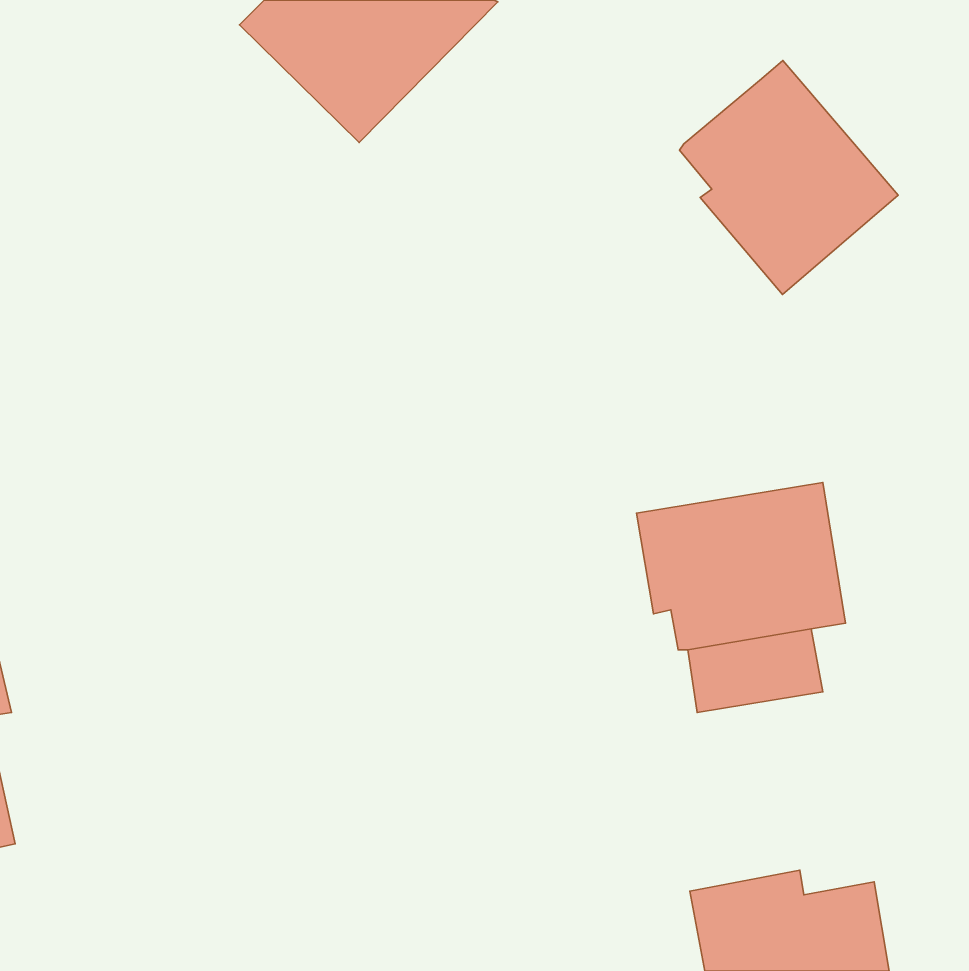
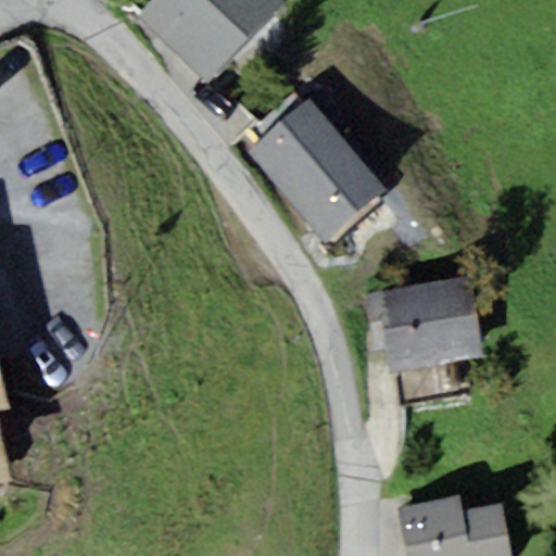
building: [679,61,898,294] -> none
building: none -> [247,98,387,241]

